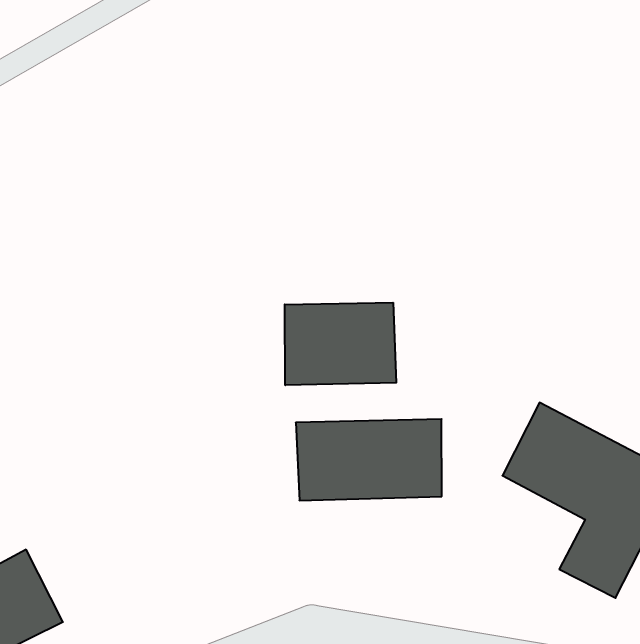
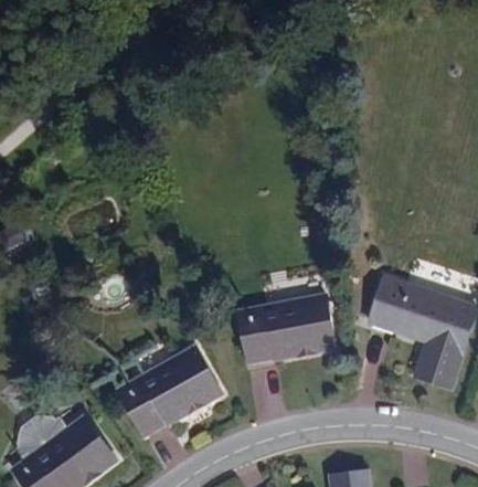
building: [285,303,396,385] -> none
building: none -> [119,348,220,434]

